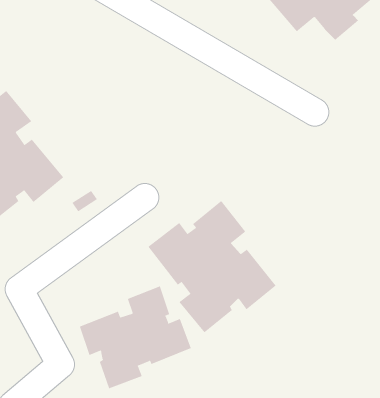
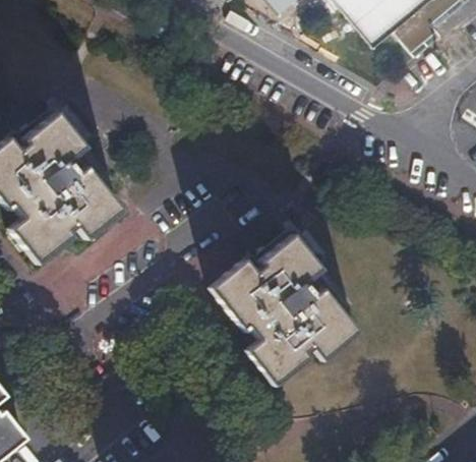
building: [79,286,191,389] -> none

